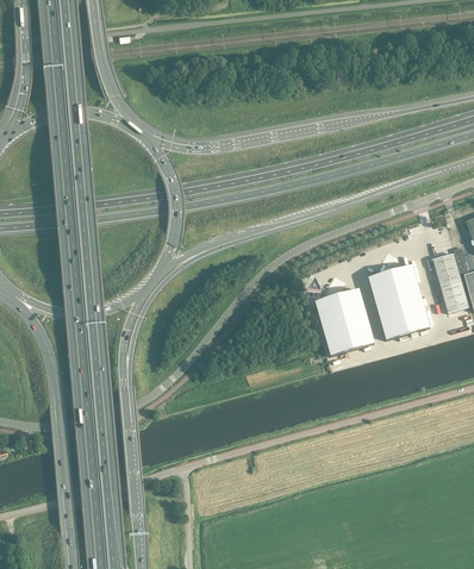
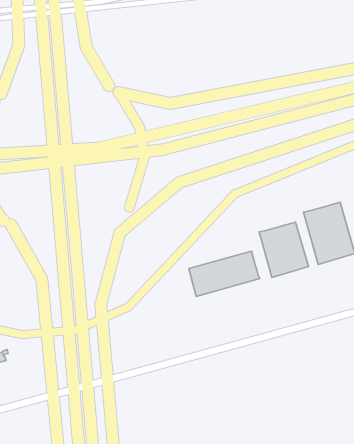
building: none -> [189,251,260,297]

